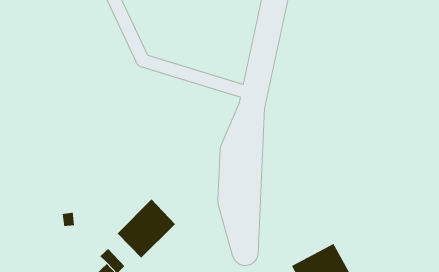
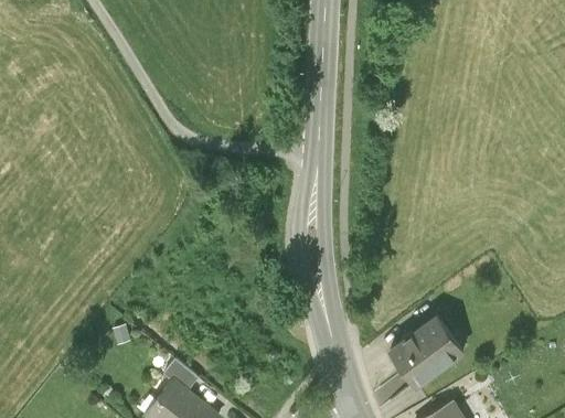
building: [117,198,176,258] -> none

